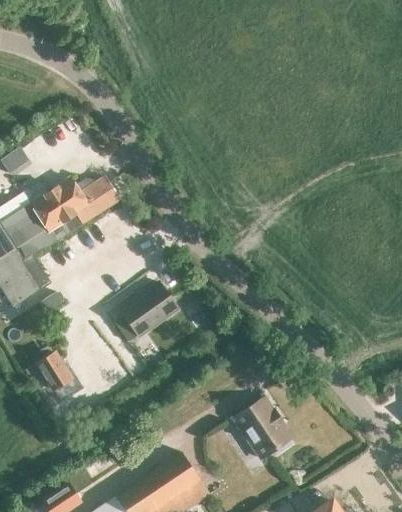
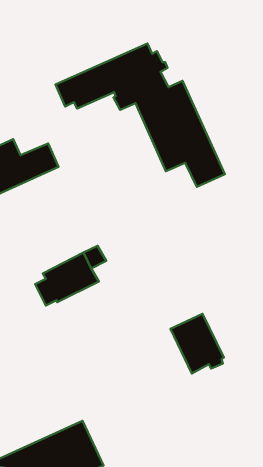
building: none -> [56,43,225,187]
building: [233,397,291,459] -> [171,314,224,374]

